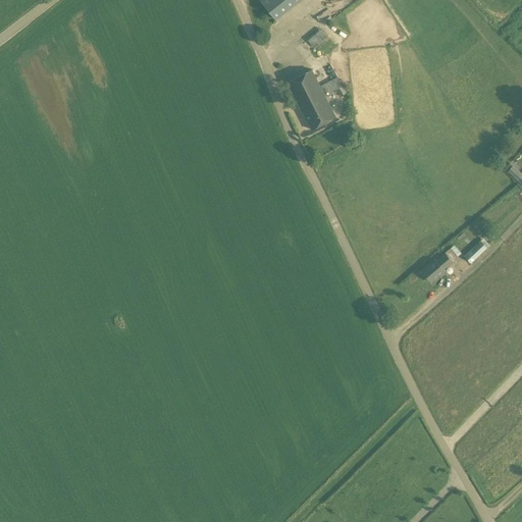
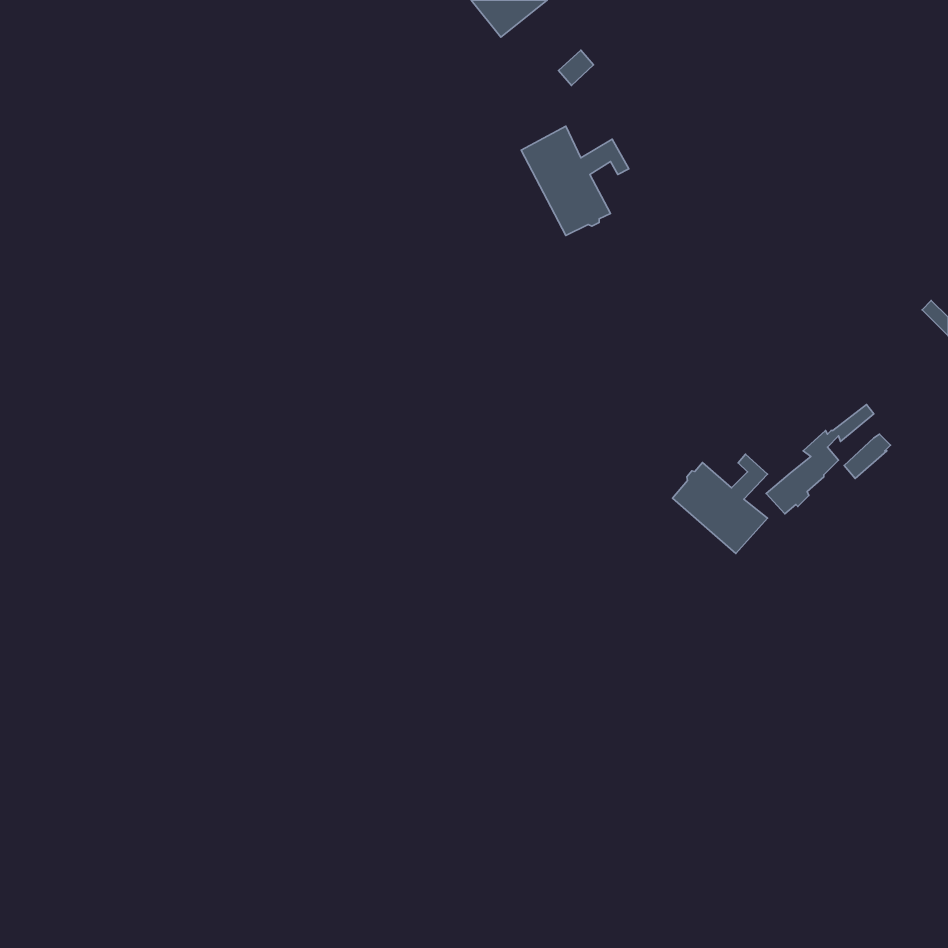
building: none -> [672,454,768,553]

